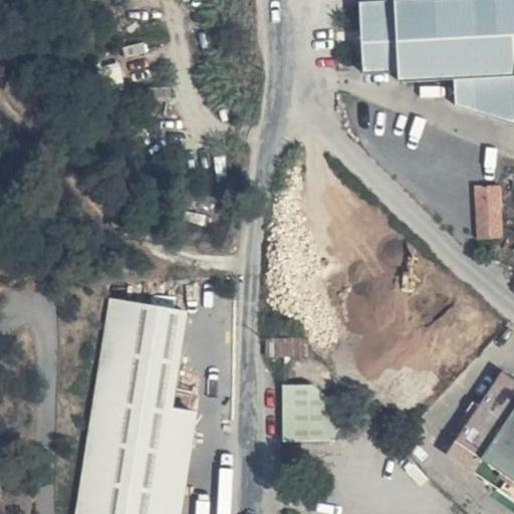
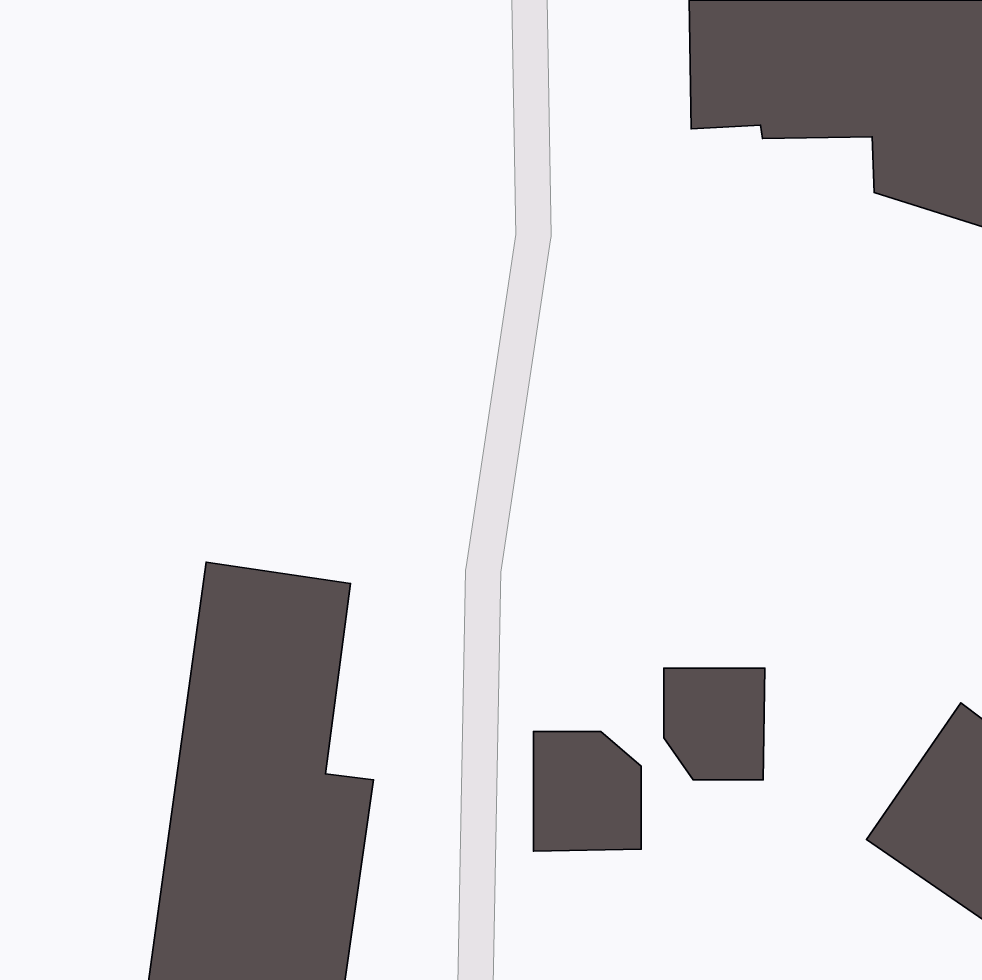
building: [477,185,503,240] -> none
building: none -> [664,668,765,780]

